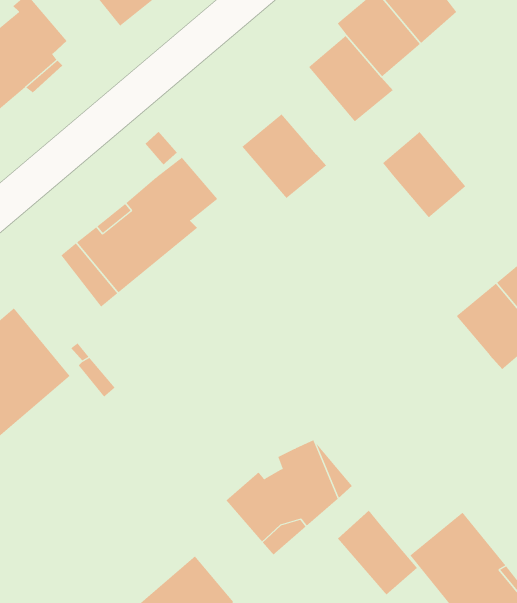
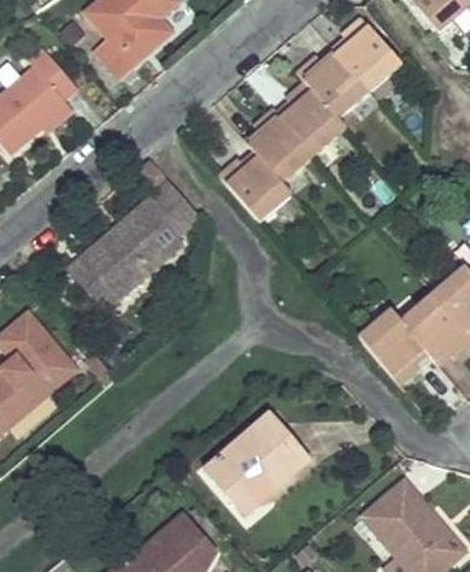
building: [382,131,466,218] -> [245,111,315,183]
building: none -> [356,307,427,379]
building: [337,510,418,595] -> none

